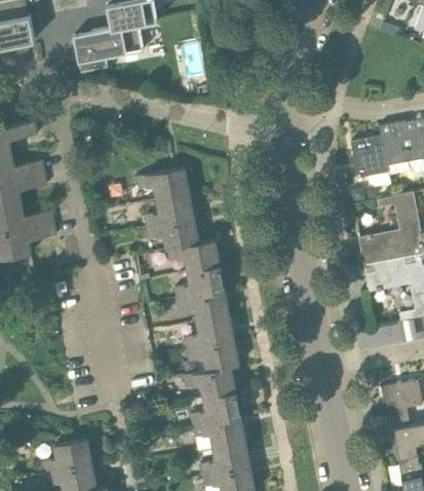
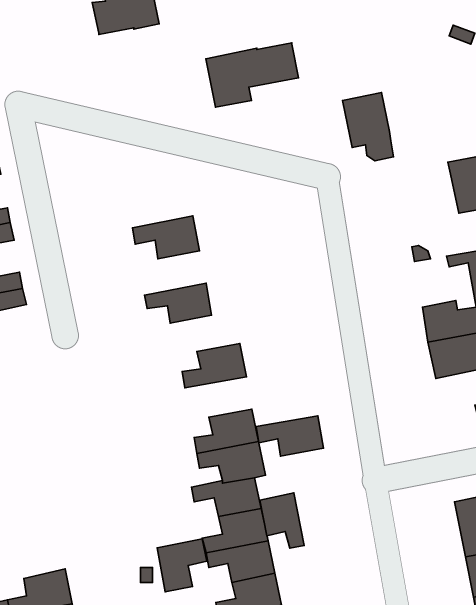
building: [73,24,144,73] -> [206,43,299,107]
building: [351,136,390,188] -> [343,92,394,161]
building: [145,194,194,228] -> none
building: [166,240,220,271] -> none
building: [178,291,229,322] -> [256,416,323,456]
building: none -> [260,493,304,548]
building: none -> [157,539,207,592]

